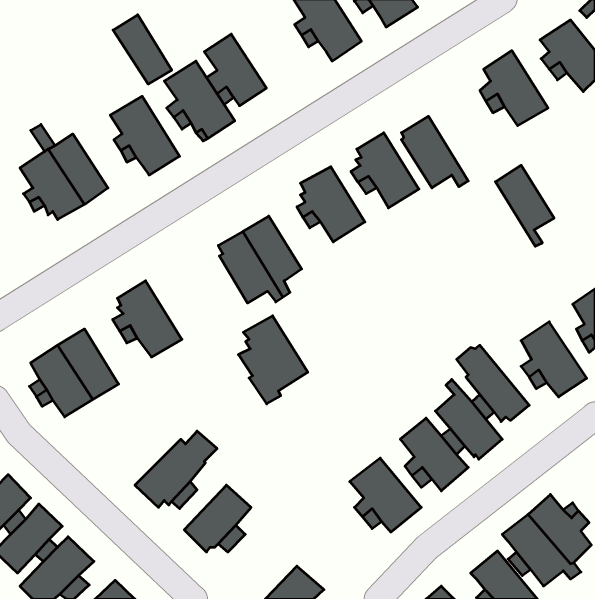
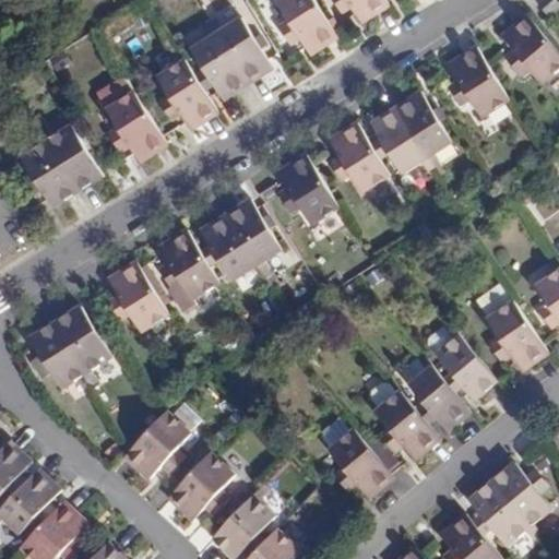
building: [113,15,172,84] -> [215,17,270,82]
building: [495,165,554,246] -> [399,93,453,168]
building: [238,316,308,404] -> [155,230,219,312]
building: none -> [215,484,274,549]

